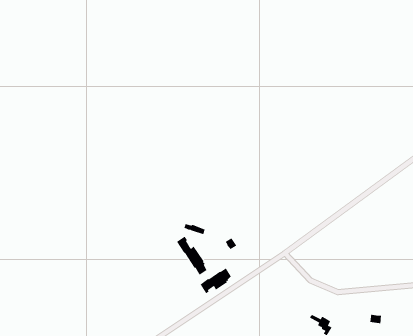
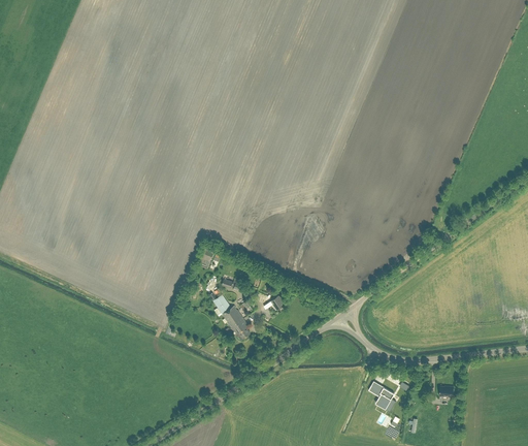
building: [200,268,232,294] -> none

